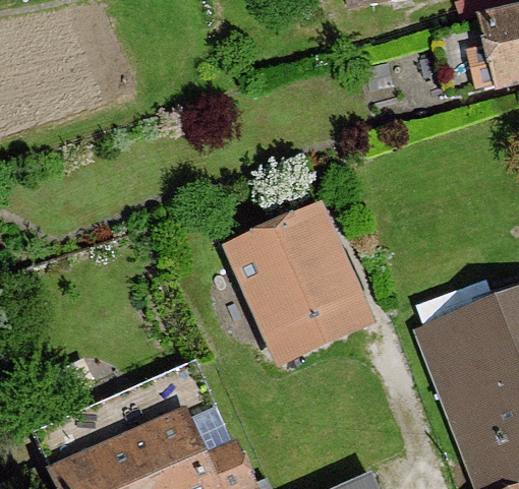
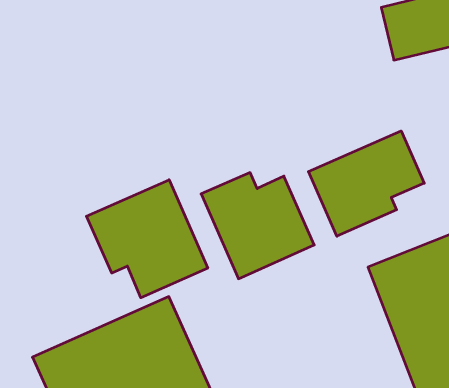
building: none -> [308,131,424,236]
building: none -> [86,180,208,298]

